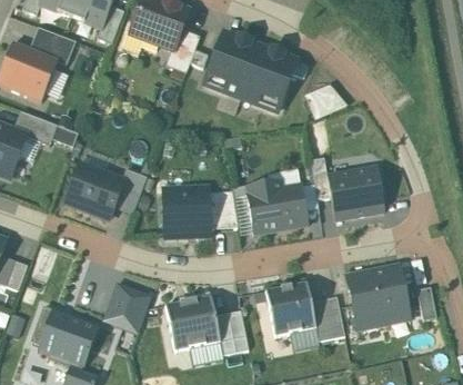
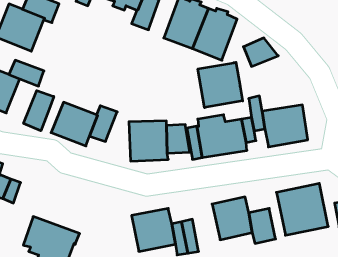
building: none -> [198,62,243,108]
building: none -> [24,91,54,131]
building: [104,284,151,332] -> none

